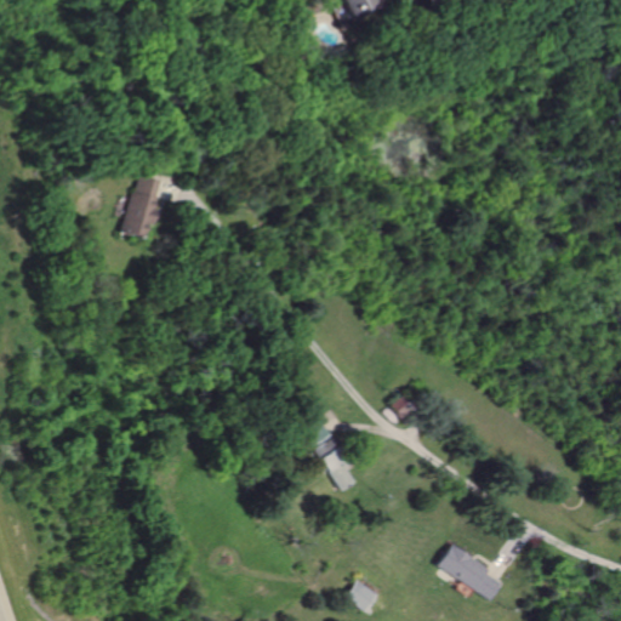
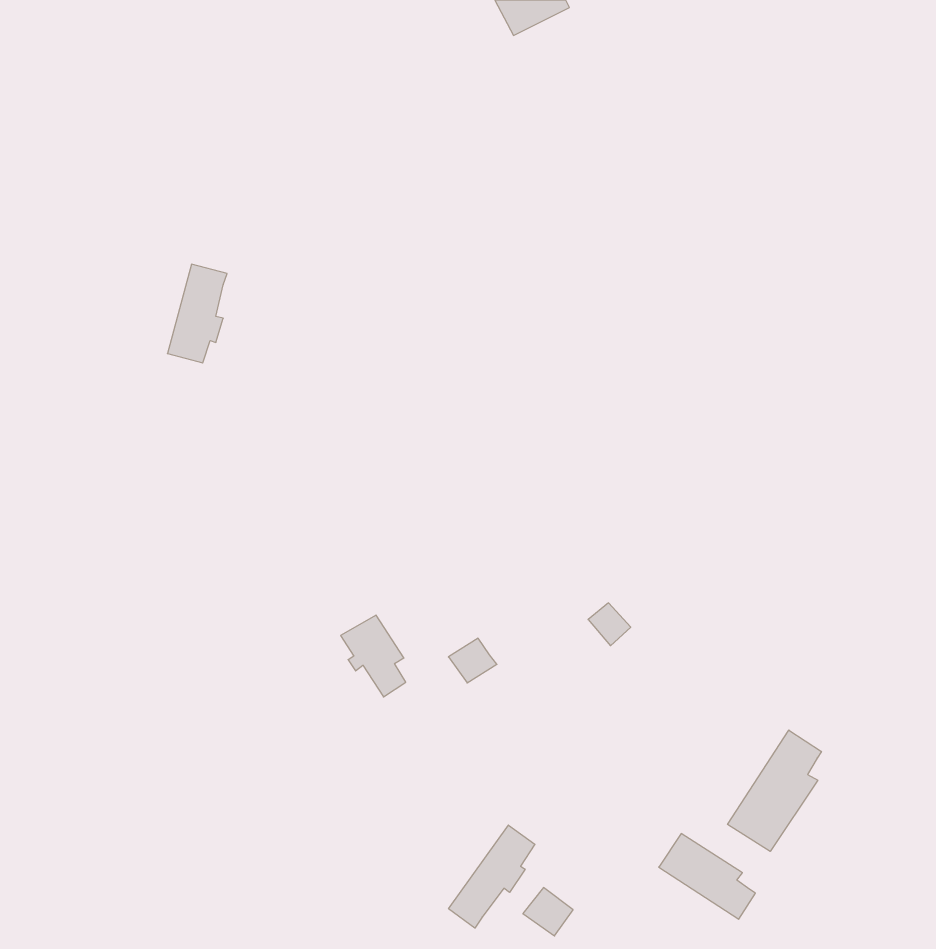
building: [314,437,357,490] -> [341,615,406,697]
building: none -> [728,730,821,851]
building: none -> [449,825,535,928]

